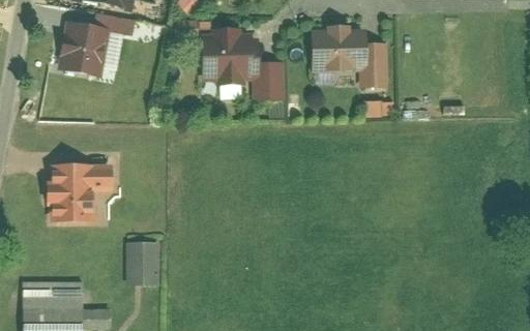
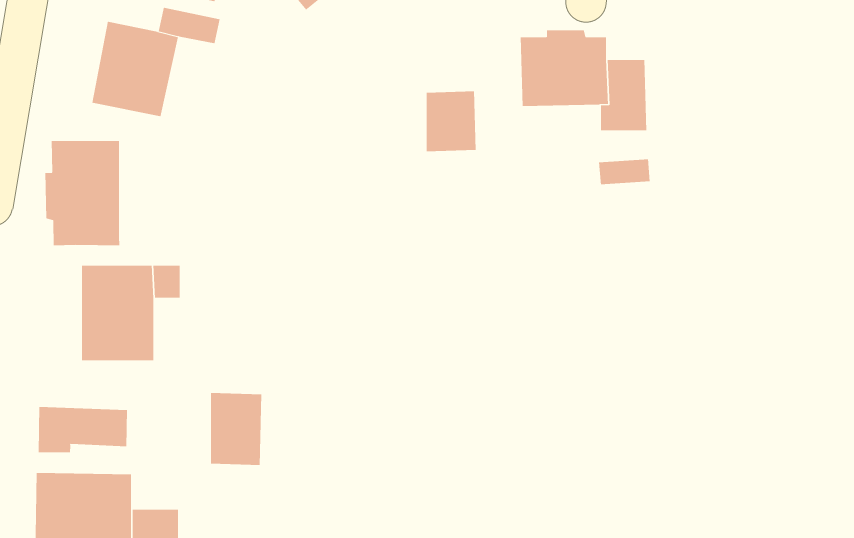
building: [203,29,257,78] -> none
building: none -> [45,140,120,246]
building: none -> [38,406,127,453]

